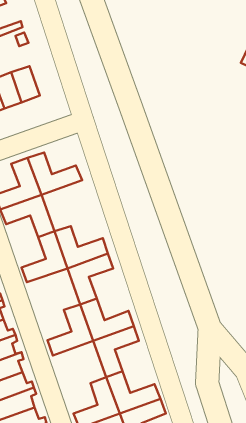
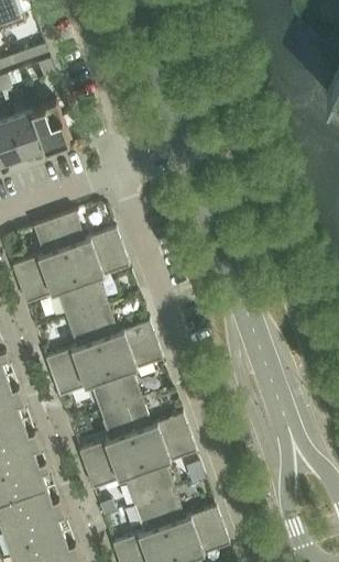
building: none -> [73,251,131,316]
building: none -> [54,363,122,416]
building: none -> [87,455,155,509]

